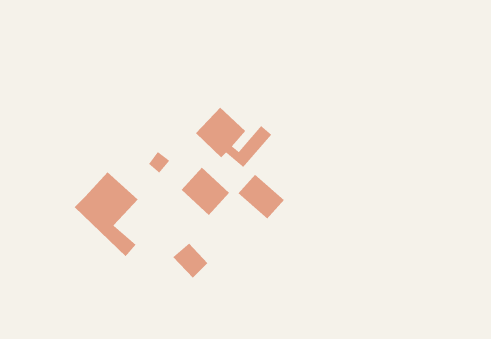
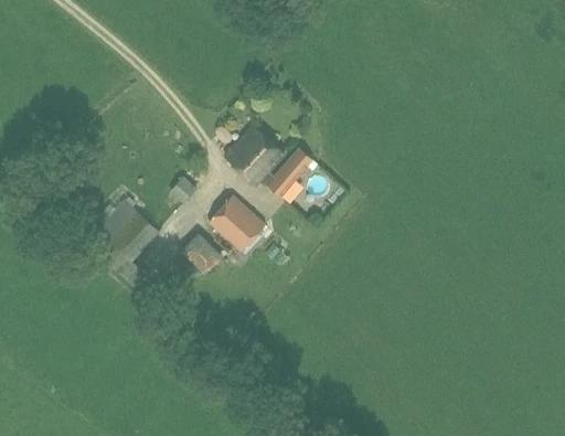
building: [238,174,285,220] -> none
building: [173,243,208,278] -> [181,234,222,275]

